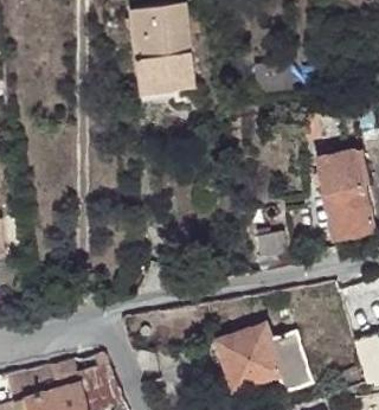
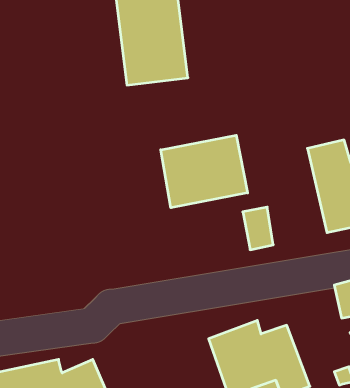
building: none -> [161,135,248,208]

